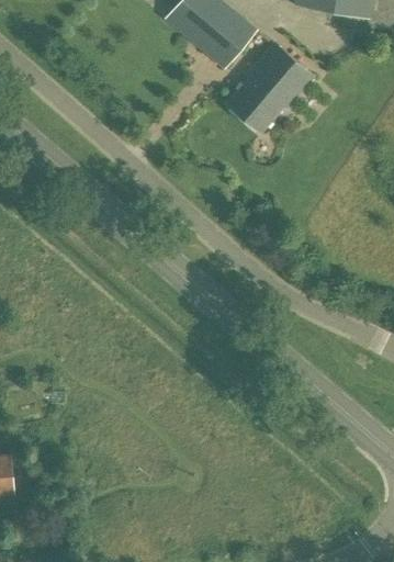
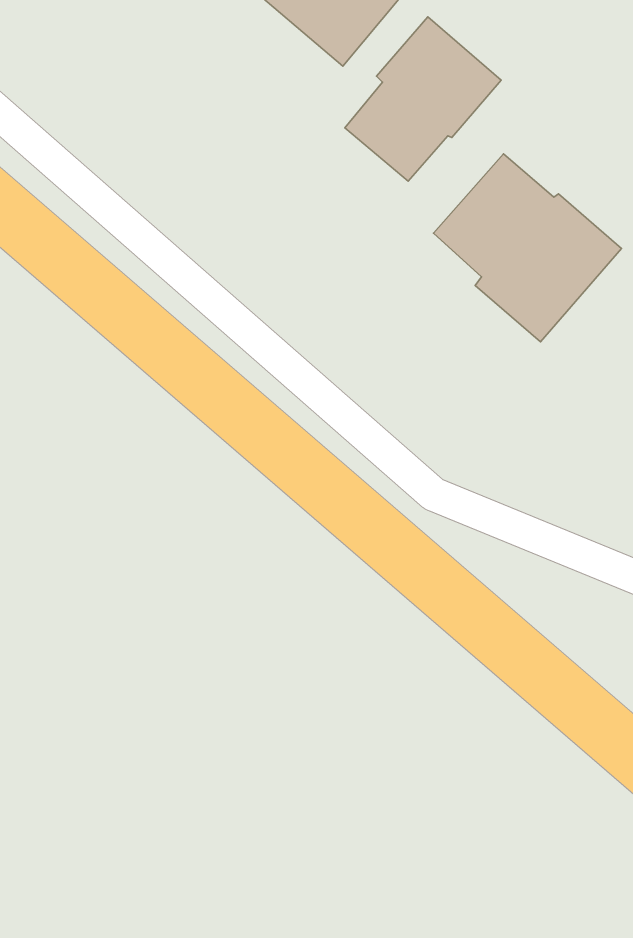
building: none -> [434,154,621,342]

